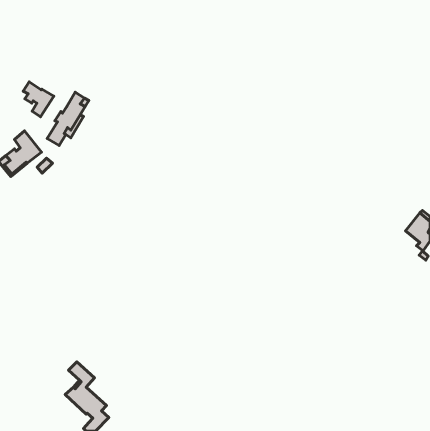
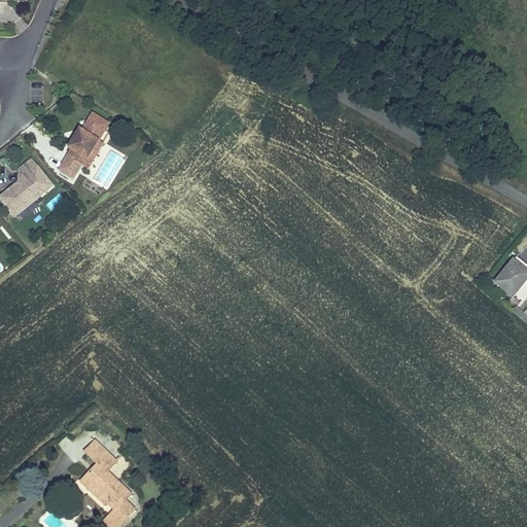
building: [23,82,54,117] -> none

